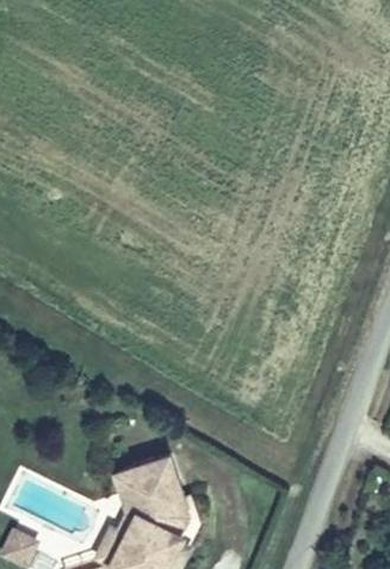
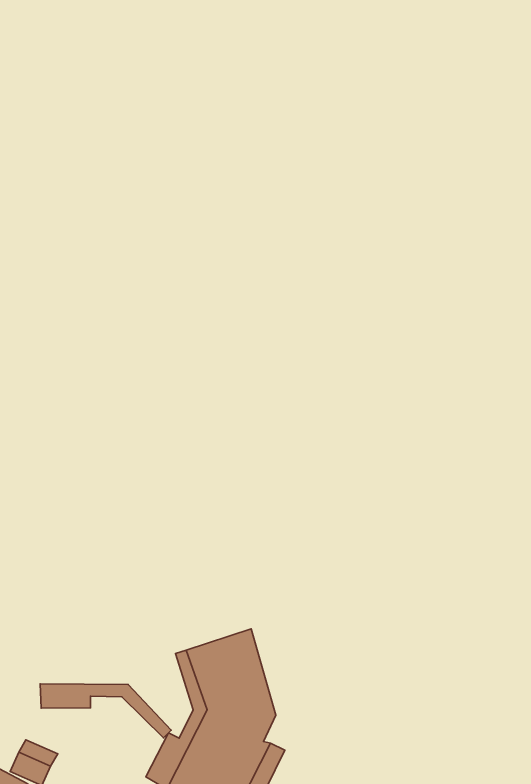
building: none -> [40,684,171,738]

